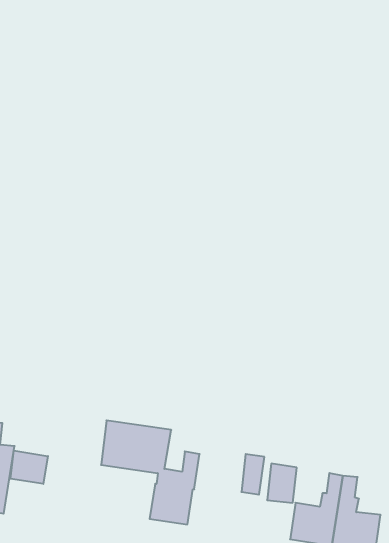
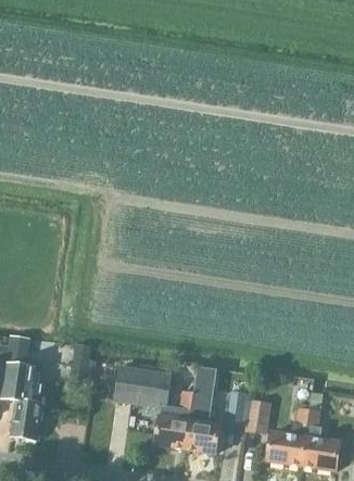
building: none -> [184,366,218,453]
building: [10,451,48,484] -> none

